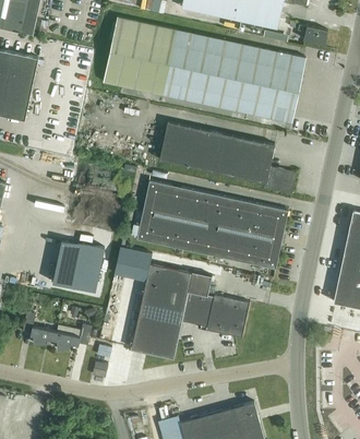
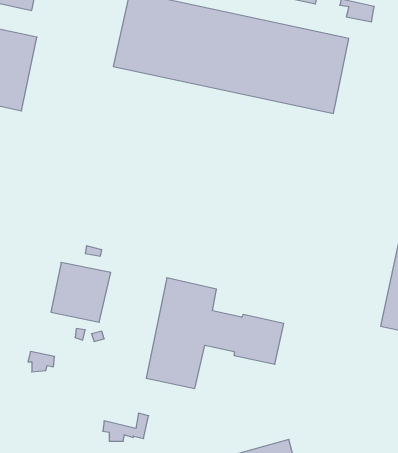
building: [159,121,297,193] -> none
building: [136,180,289,269] -> none
building: [115,247,152,281] -> none
building: [52,324,92,348] -> [103,413,149,441]

